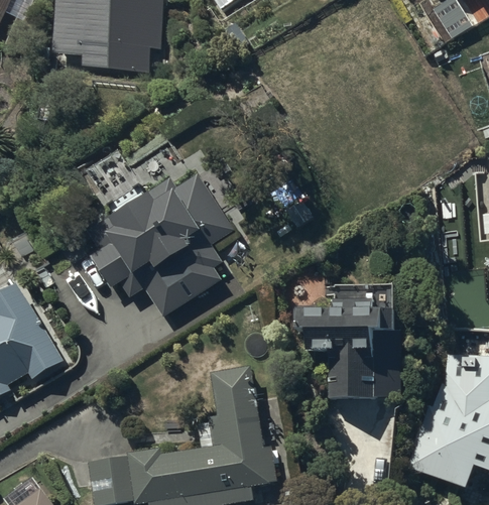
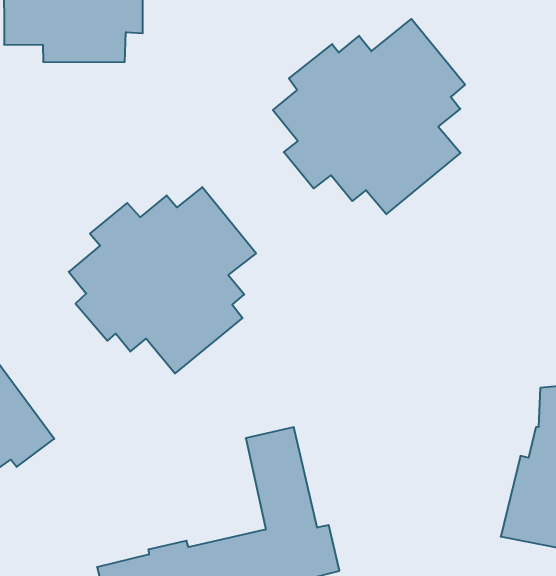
building: none -> [273,19,465,214]
building: [296,284,402,398] -> none

